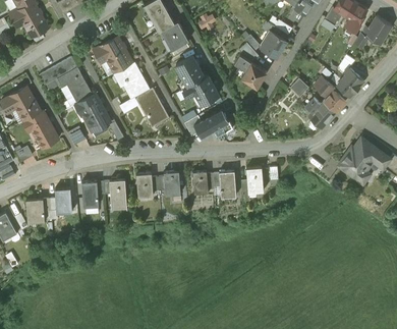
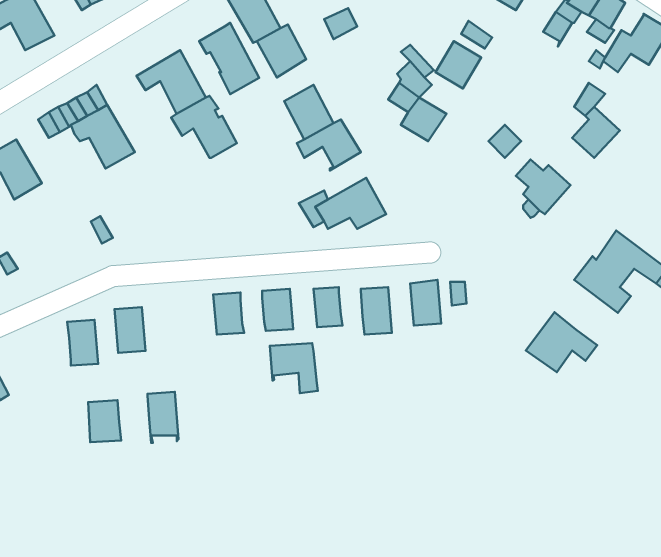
building: [316,80,345,112] -> none
building: [135,87,169,126] -> [199,23,259,94]
building: [75,93,110,130] -> none
building: [22,111,58,148] -> none
building: [110,178,127,207] -> [147,392,178,443]
building: none -> [526,312,597,372]
building: [26,199,45,222] -> [88,400,121,442]
building: none -> [270,343,318,393]

